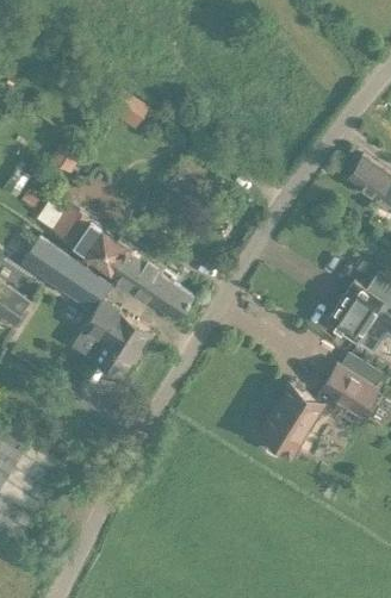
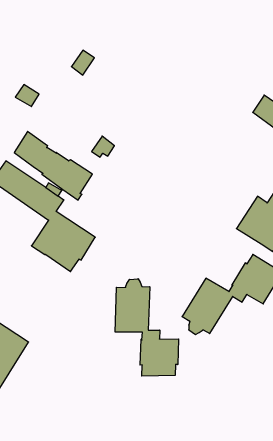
building: [129,255,193,319] -> none
building: none -> [115,279,179,376]

